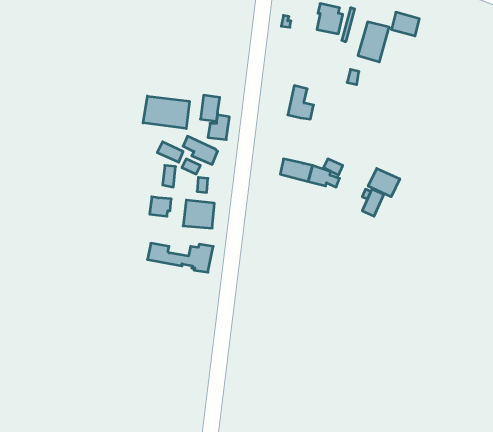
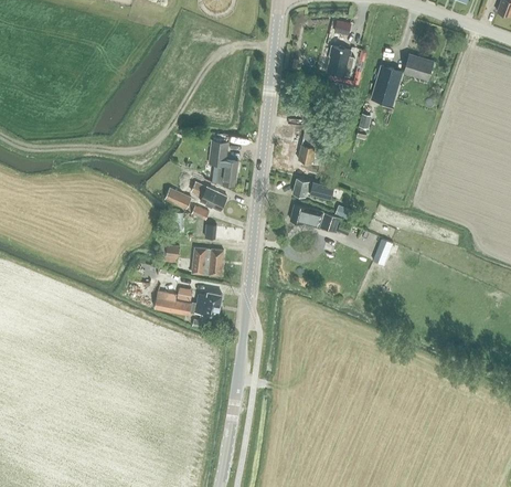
building: [143,96,189,129] -> none
building: none -> [292,178,334,199]
building: [368,168,400,197] -> none

